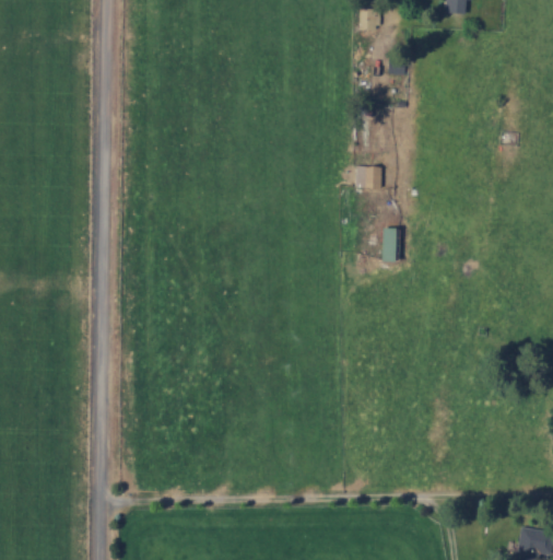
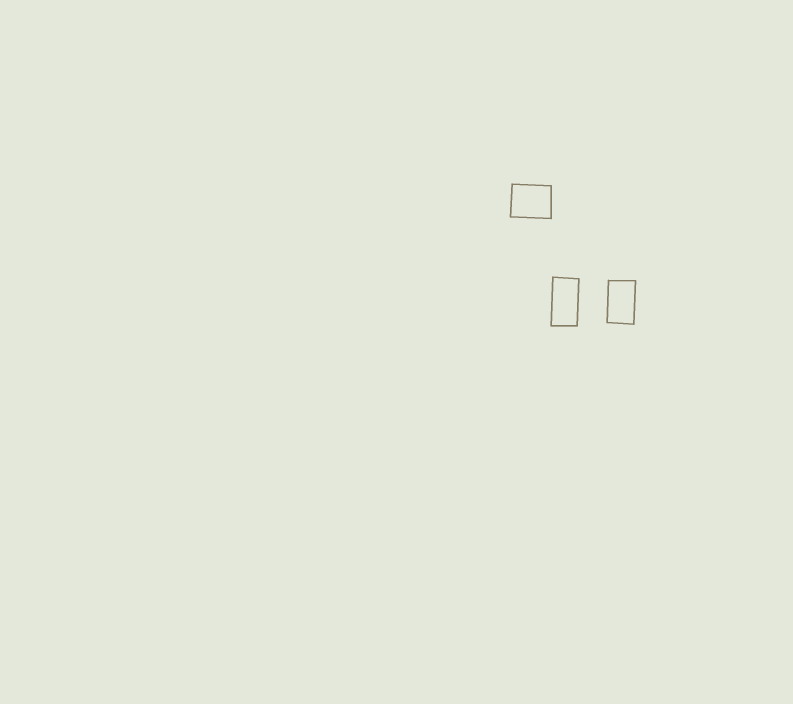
building: none -> [607,280,635,324]

